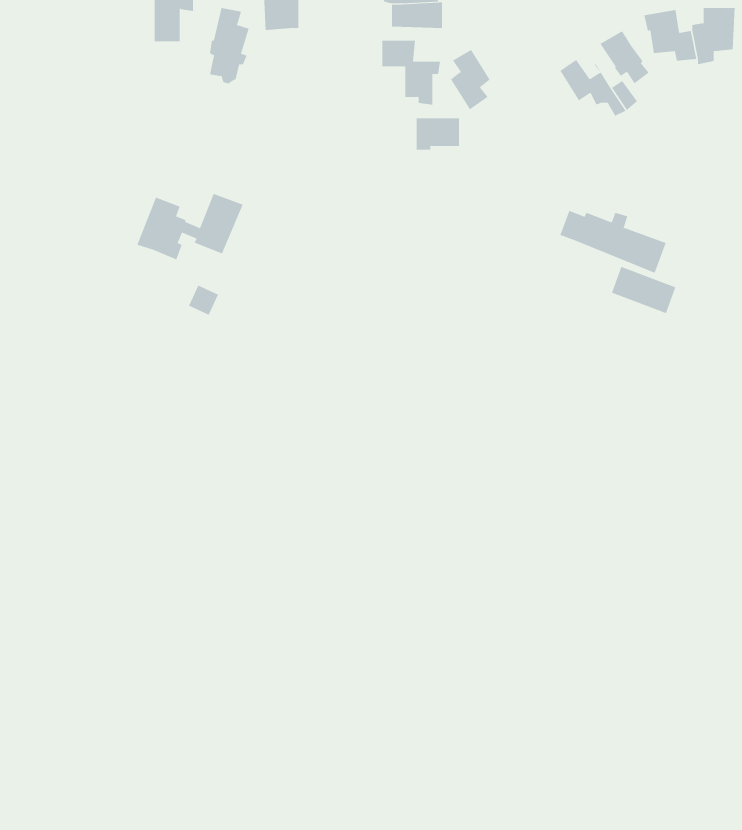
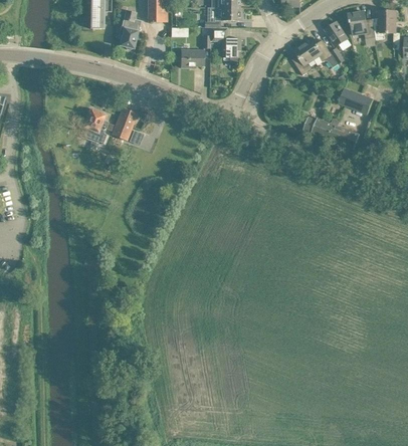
building: [450,49,491,110] -> [292,42,314,74]
building: [416,118,460,150] -> [181,49,204,66]
building: [611,266,676,314] -> [339,87,373,113]

